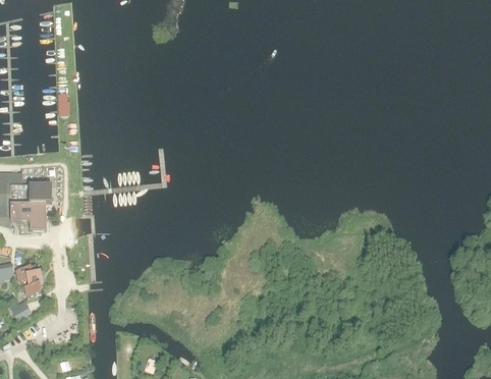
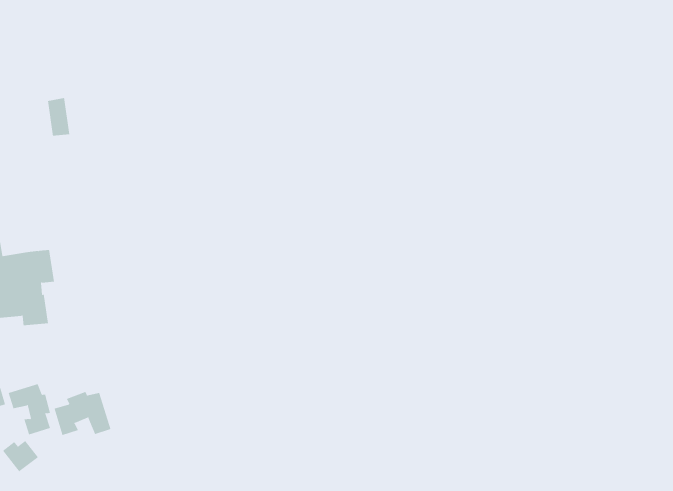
building: none -> [54,391,111,436]

